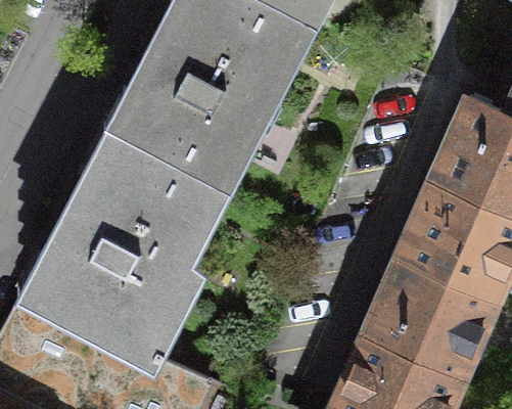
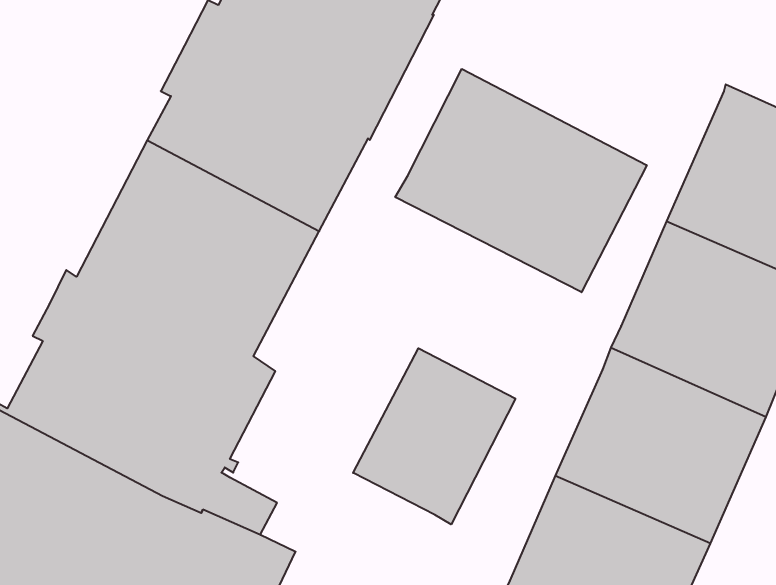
building: none -> [395,69,647,292]
building: none -> [353,348,515,524]

